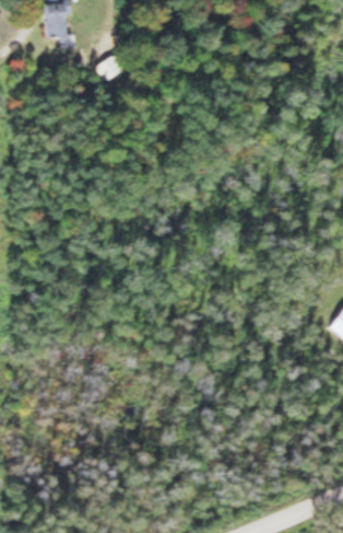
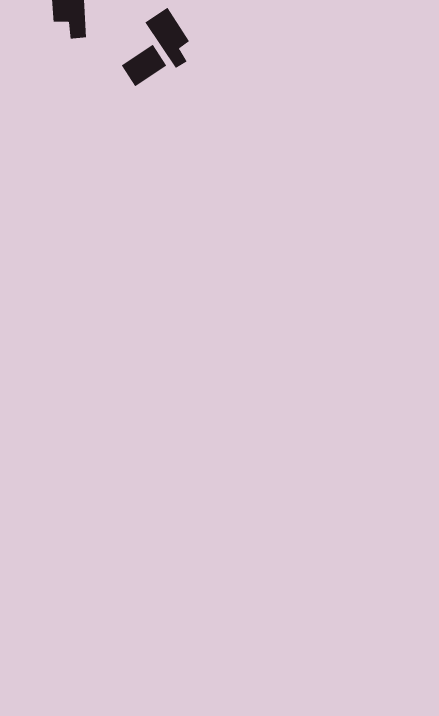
building: none -> [145,7,190,69]

